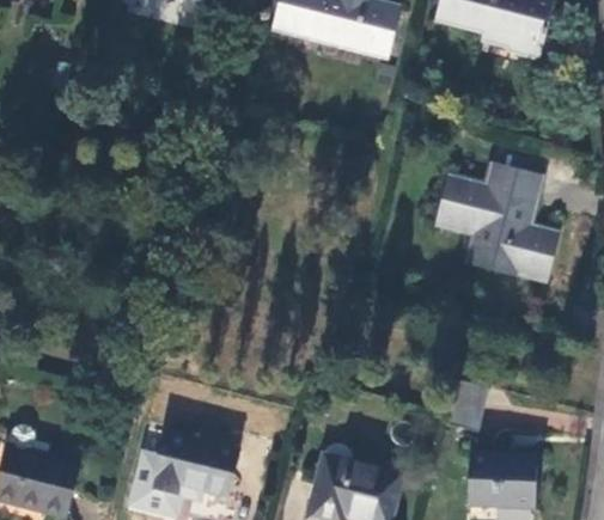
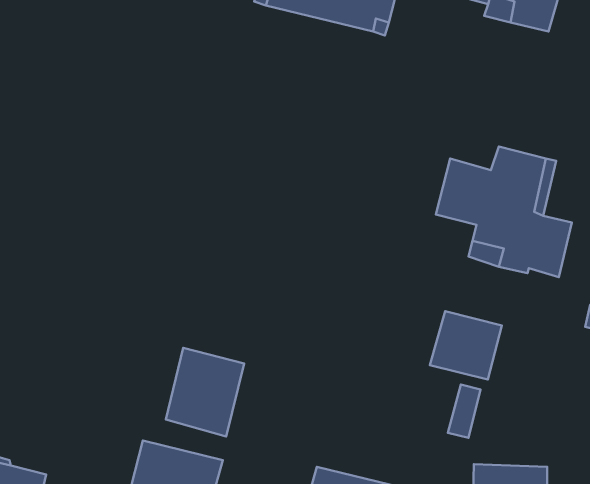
building: none -> [430,311,502,380]
building: none -> [166,348,244,436]

